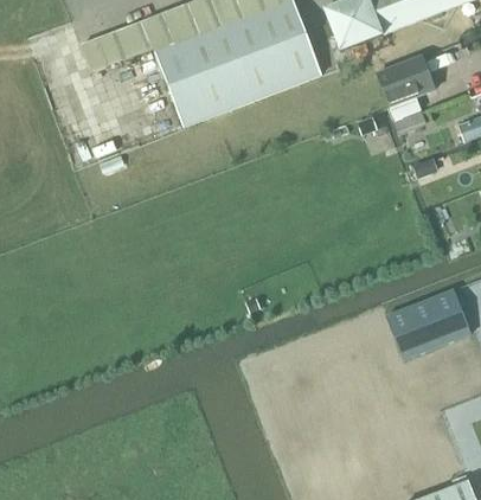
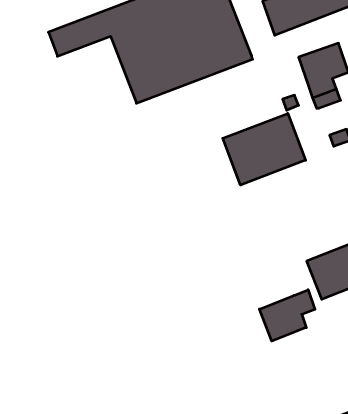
building: none -> [223,113,306,185]
building: none -> [259,290,315,341]

